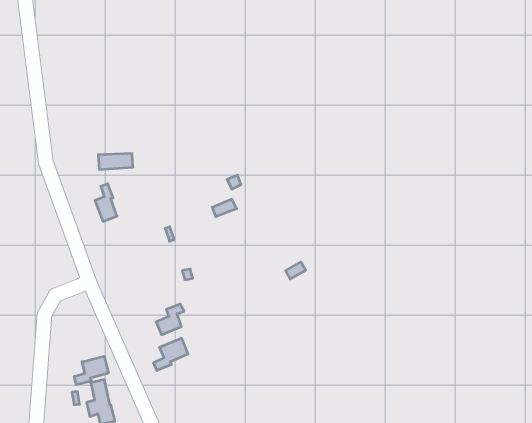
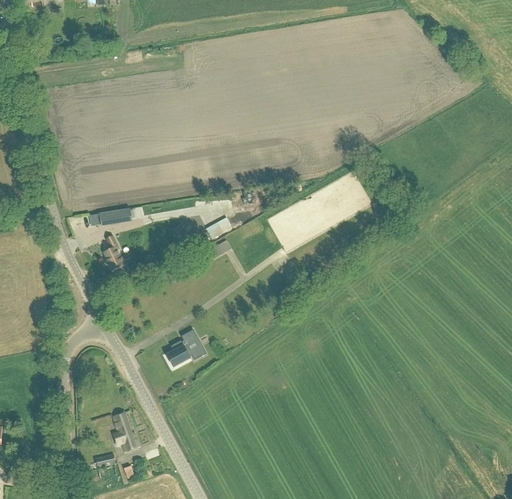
building: [154,338,188,371] -> none
building: [74,356,108,385] -> none

